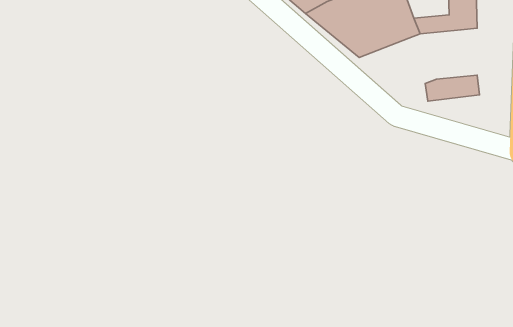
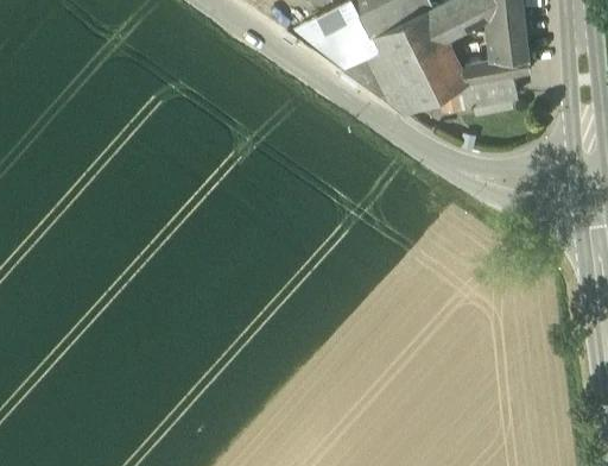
building: [425,75,480,101] -> [457,71,518,105]

